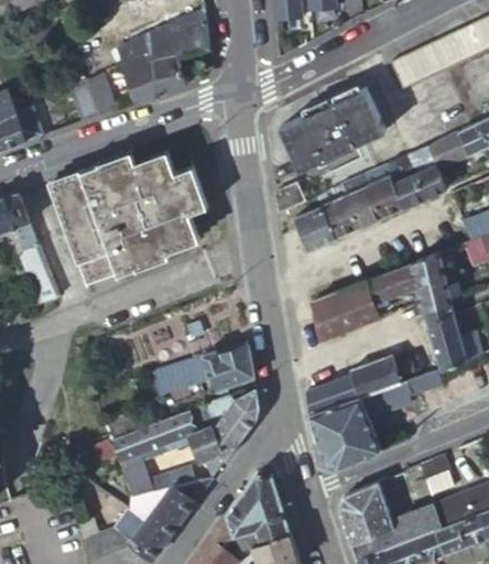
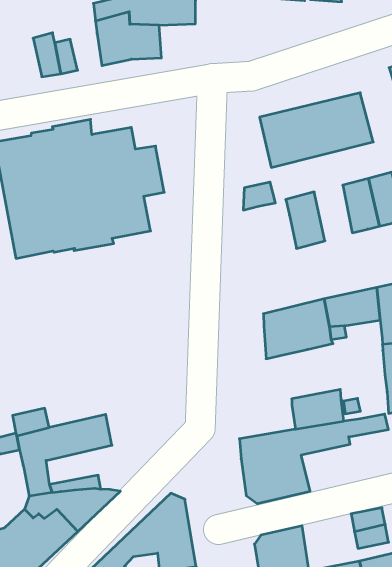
building: [341,174,381,226] -> none
building: [294,208,334,249] -> none
building: [154,346,254,397] -> none
building: [307,377,359,414] -> none
building: [188,389,259,463] -> none

